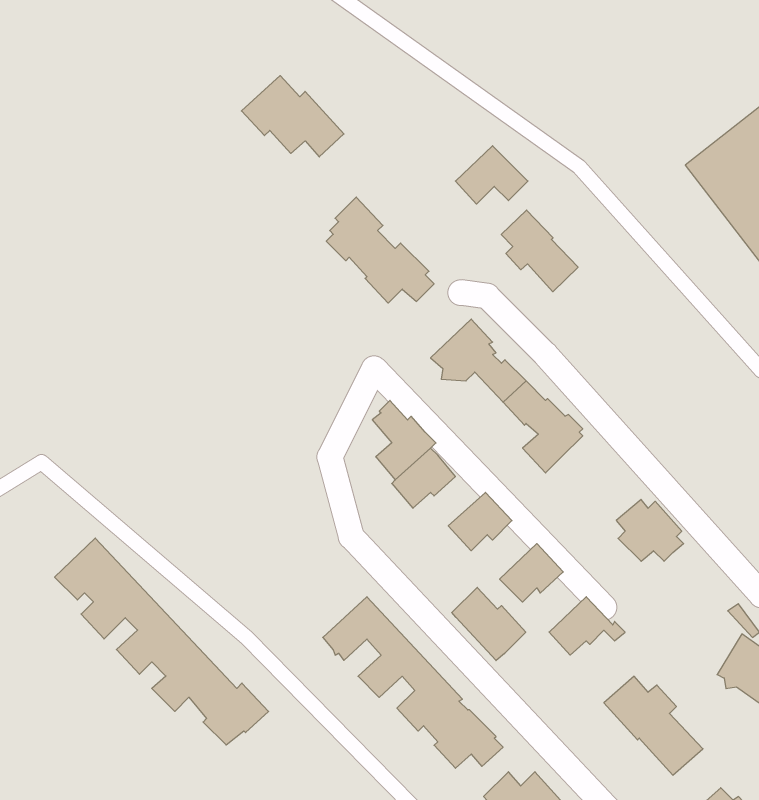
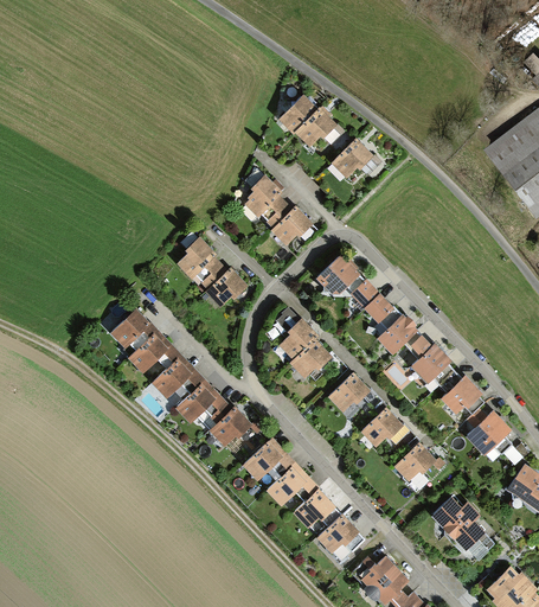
building: [241,76,344,157] -> [277,91,346,146]
building: [501,210,578,292] -> none
building: none -> [179,237,246,304]
building: none -> [403,332,456,389]
building: [55,538,269,745] -> [109,309,252,448]
building: none -> [464,410,512,458]
building: [452,587,526,661] -> none

